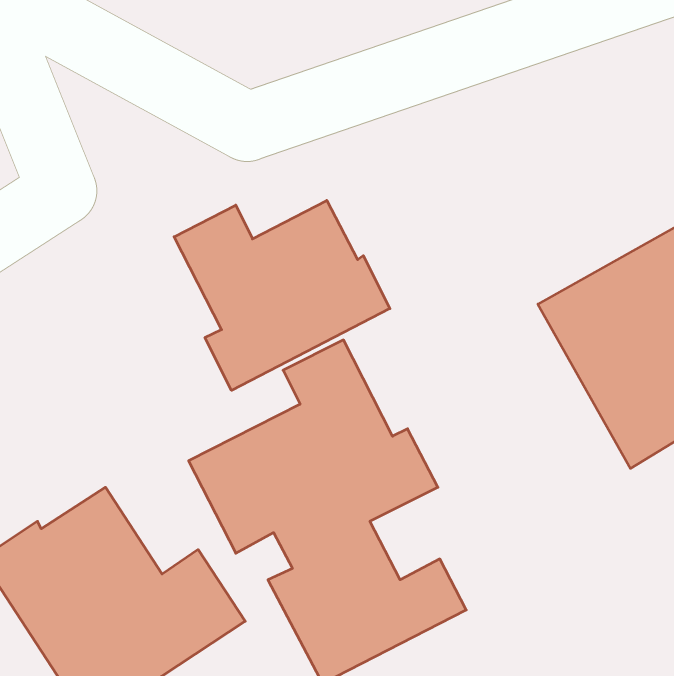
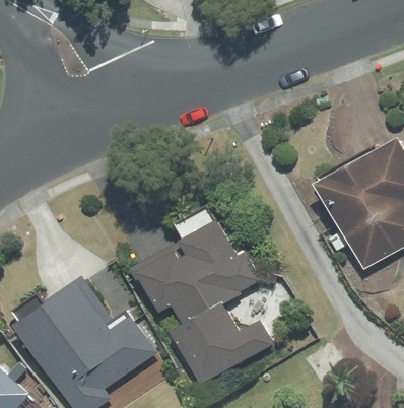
building: [174,200,390,390] -> none

